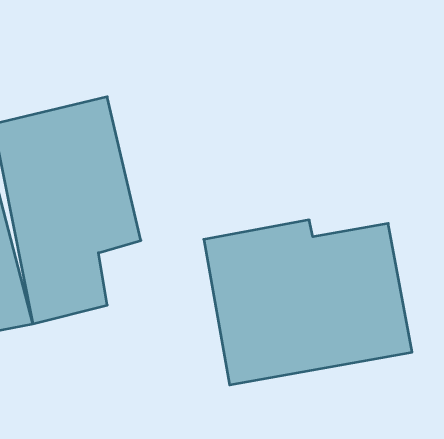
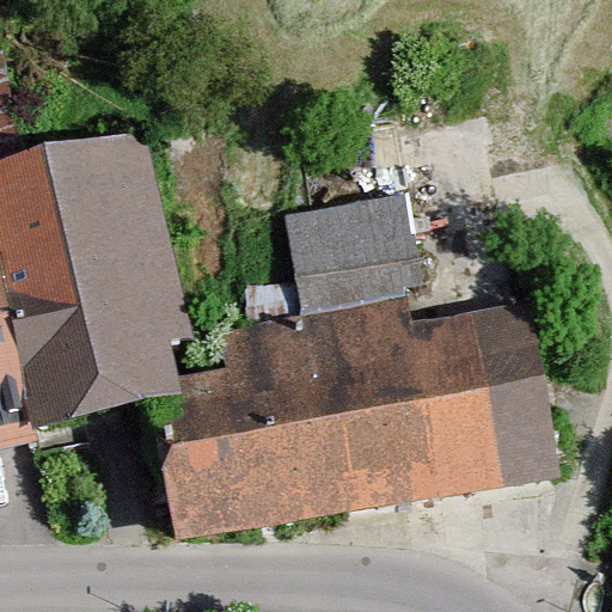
building: none -> [280,178,411,269]
building: none -> [141,323,302,537]

